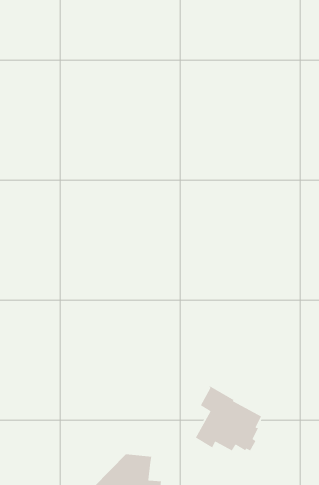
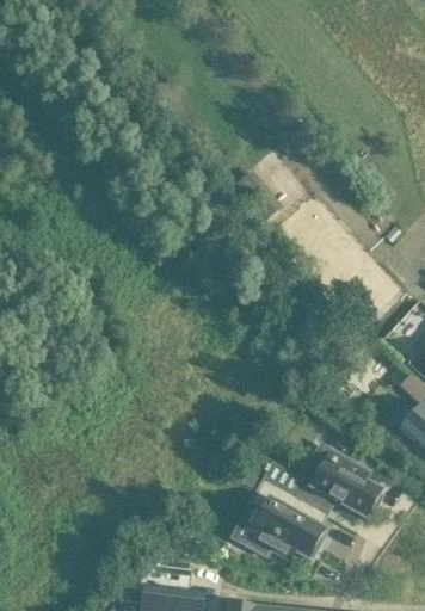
building: none -> [292,444,382,517]

